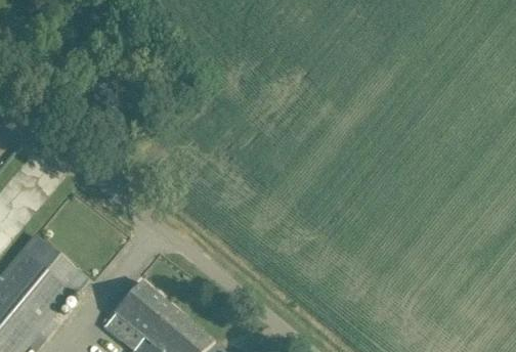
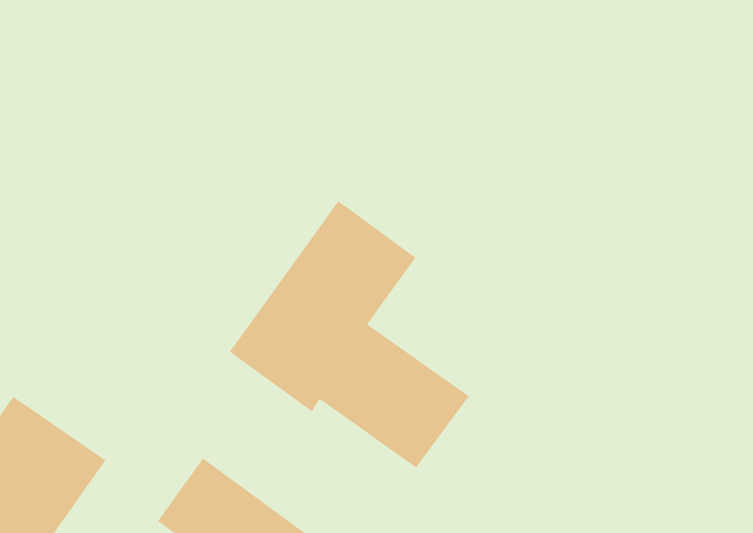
building: none -> [229,200,470,469]

